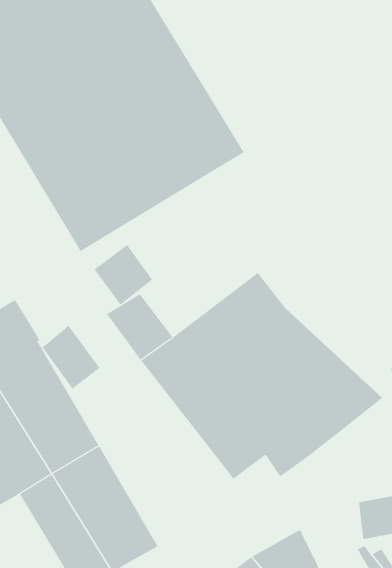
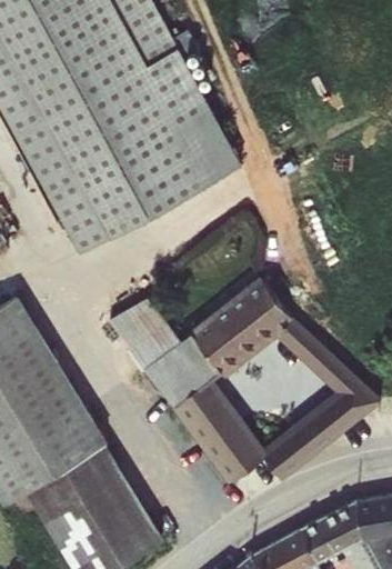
building: [94,244,153,306] -> none
building: [42,325,100,389] -> none
building: none -> [301,502,362,562]

